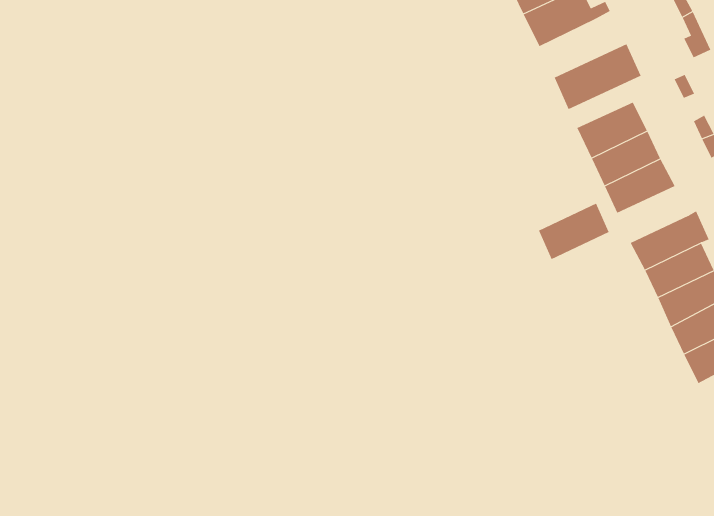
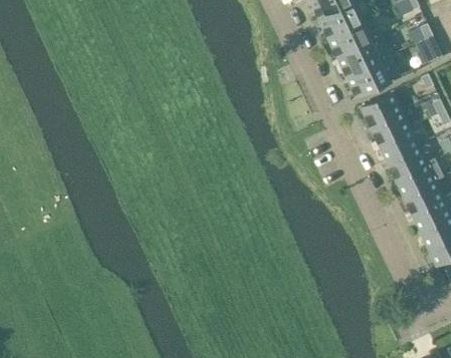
building: none -> [336,35,391,76]
building: [538,203,610,260] -> [385,143,429,178]

